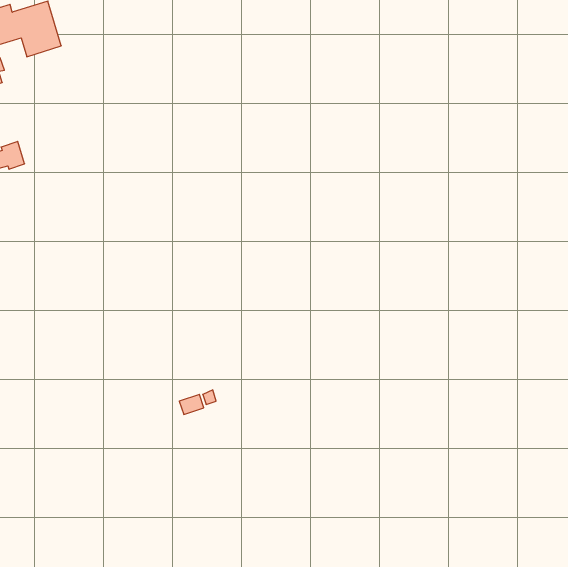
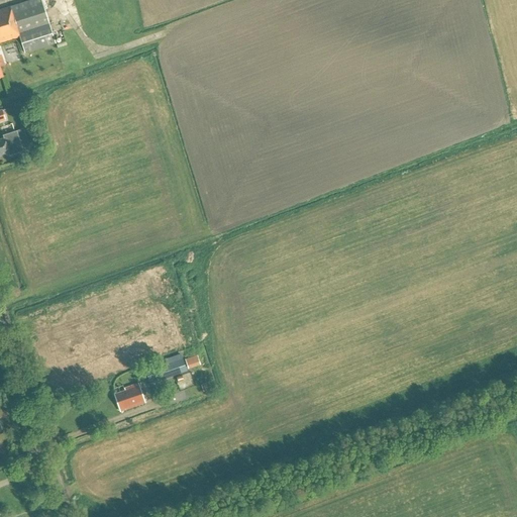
building: none -> [113,381,144,409]

